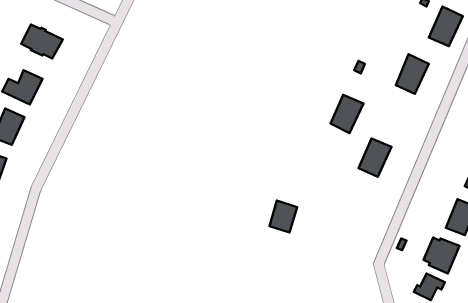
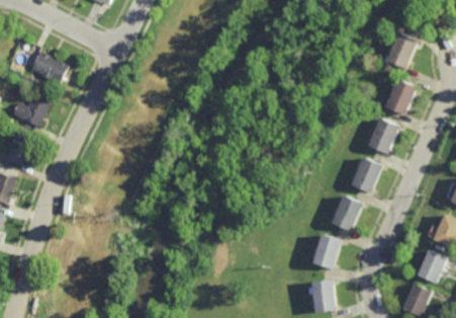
building: [429,7,463,46] -> [385,32,418,70]
building: [330,95,363,133] -> [367,120,398,156]
building: none -> [330,197,361,233]
building: [269,201,297,233] -> [313,236,340,266]
building: none -> [314,276,339,310]

